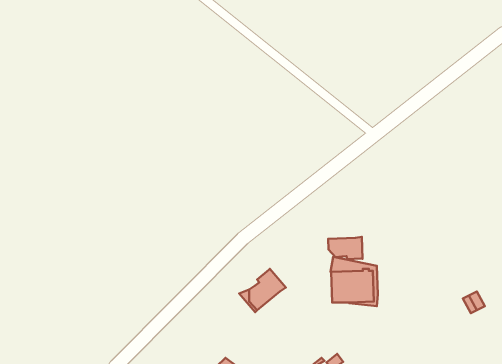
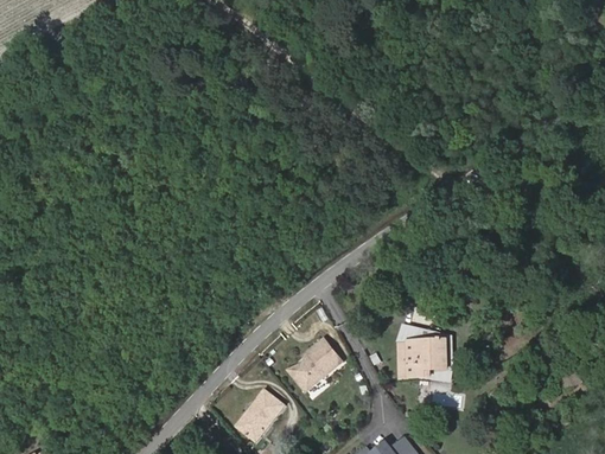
building: [328,237,363,259] -> none
building: none -> [236,389,285,442]

